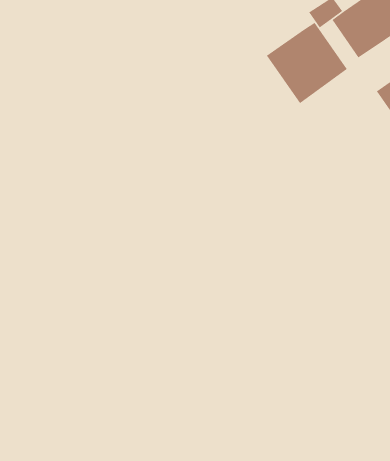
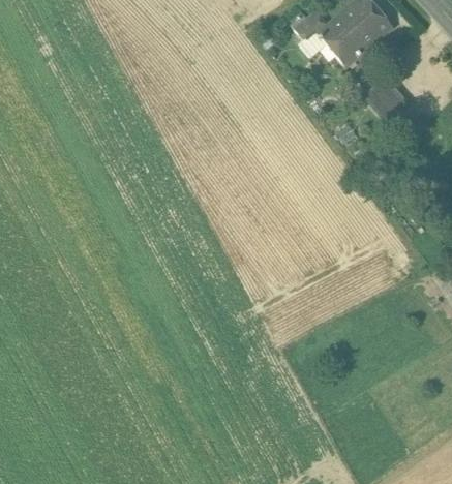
building: [266,22,348,104] -> none

